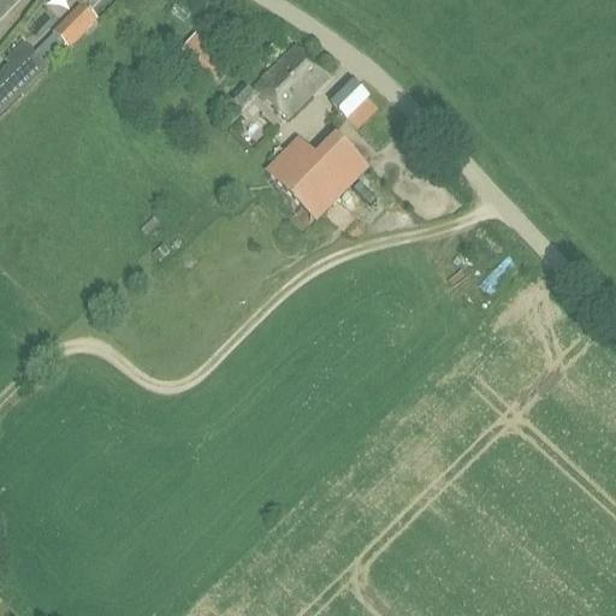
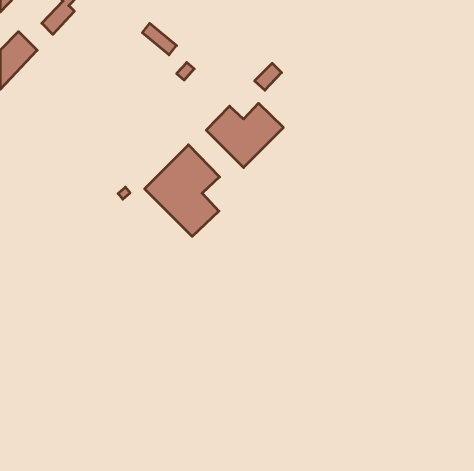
building: [254,41,326,113] -> none
building: none -> [145,145,220,236]

